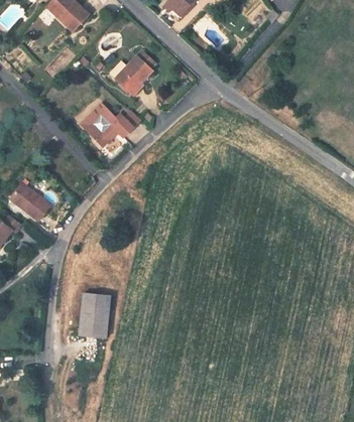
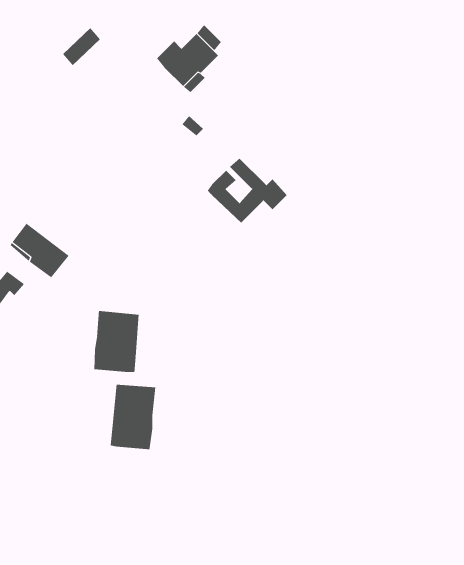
building: [80,103,134,147] -> [207,158,287,223]
building: none -> [94,310,139,373]

